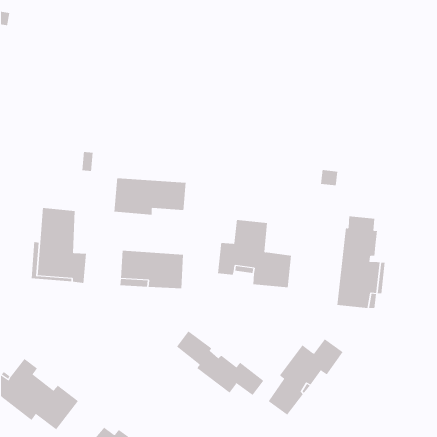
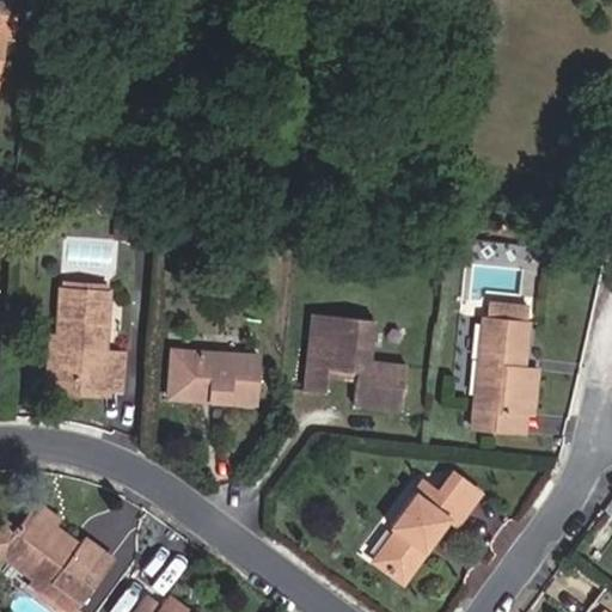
building: [114,177,186,216] -> none
building: [176,331,264,396] -> none

